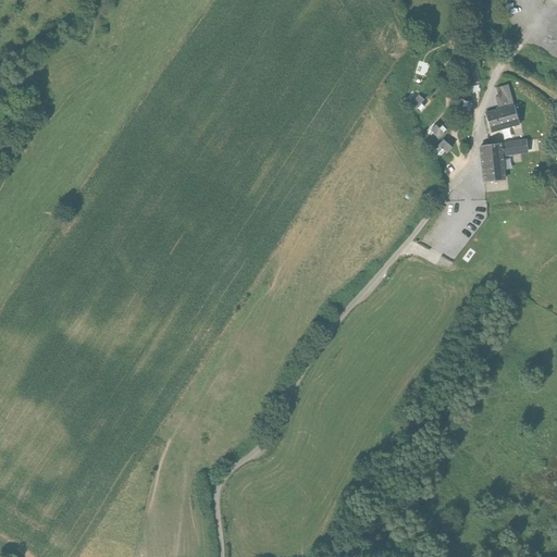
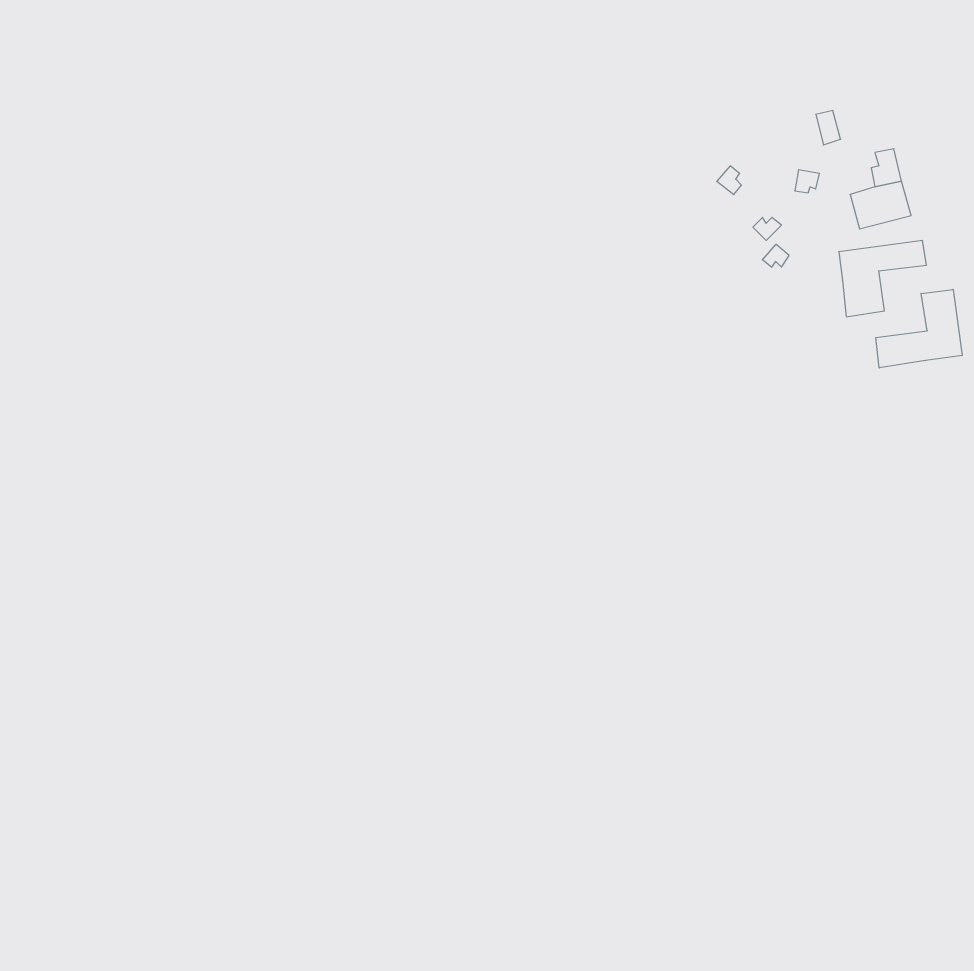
building: none -> [876,289,962,368]

